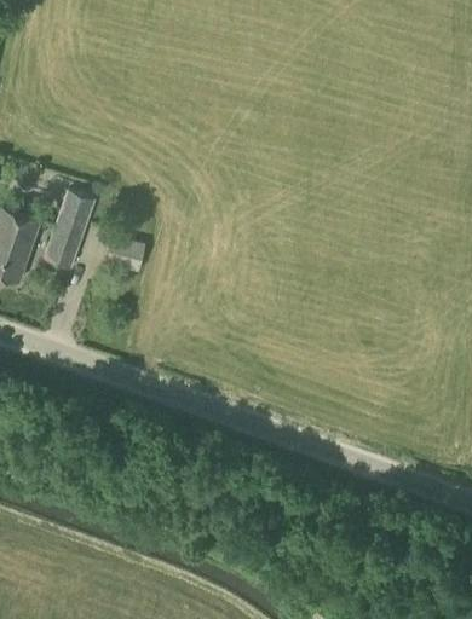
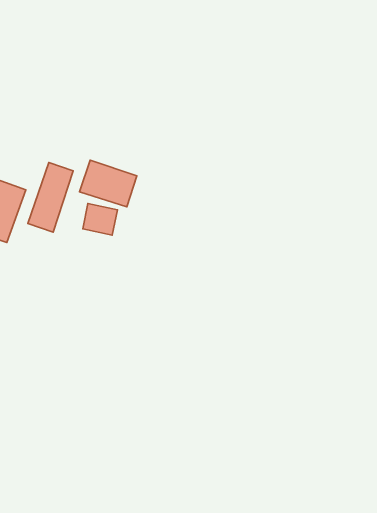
building: none -> [80,160,137,207]

